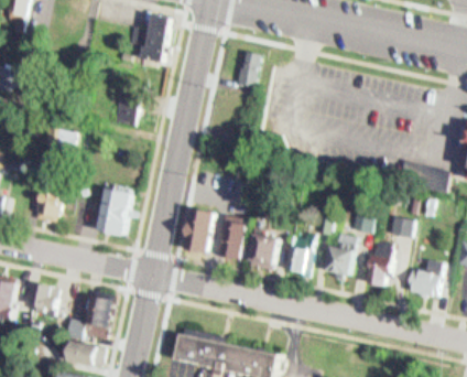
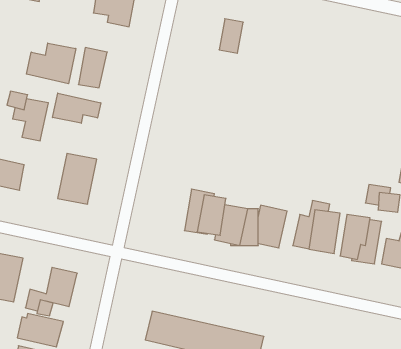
building: none -> [26,43,76,84]
building: none -> [53,93,101,123]
building: [183,206,210,252] -> none

